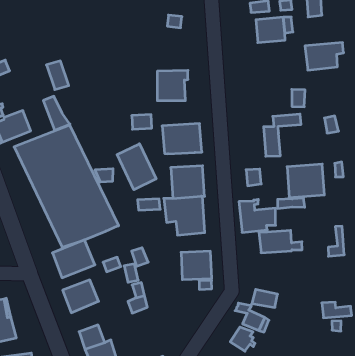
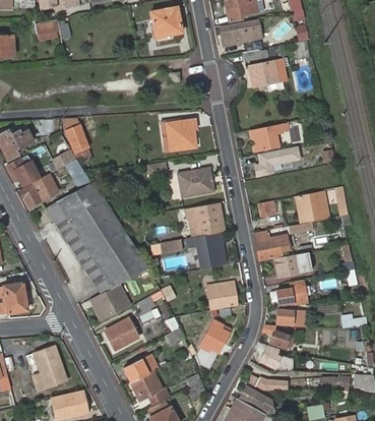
building: [305,43,344,70] -> [247,123,283,152]
building: [117,144,156,190] -> none
building: none -> [275,280,308,305]
building: none -> [198,321,228,353]

